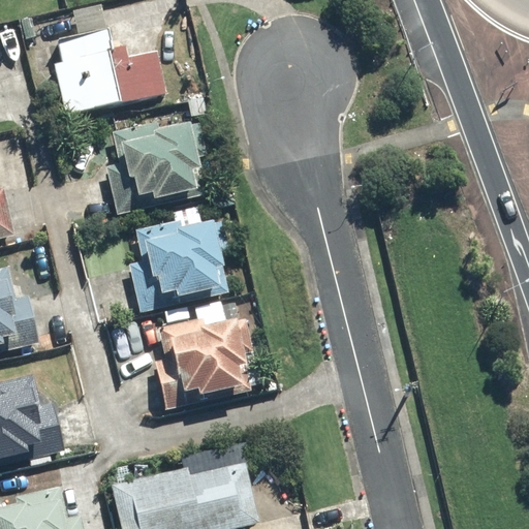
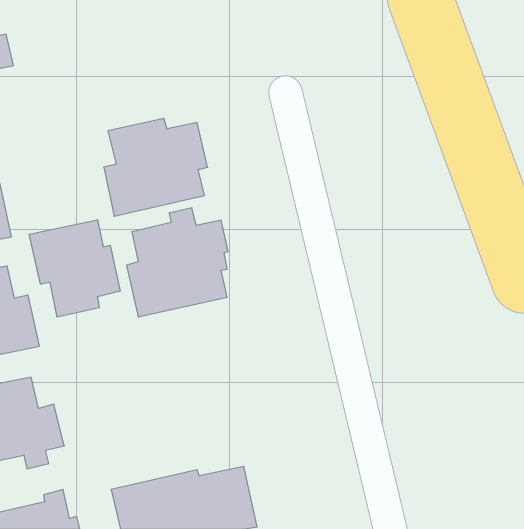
building: [52,29,163,116] -> none
building: none -> [29,220,120,317]
building: [152,316,255,410] -> none

